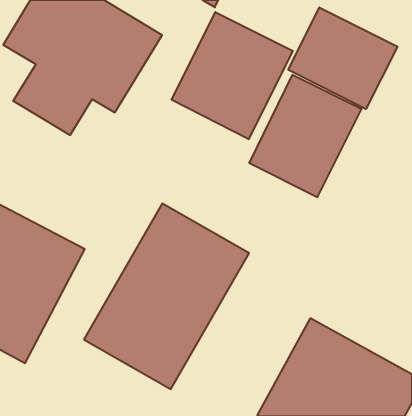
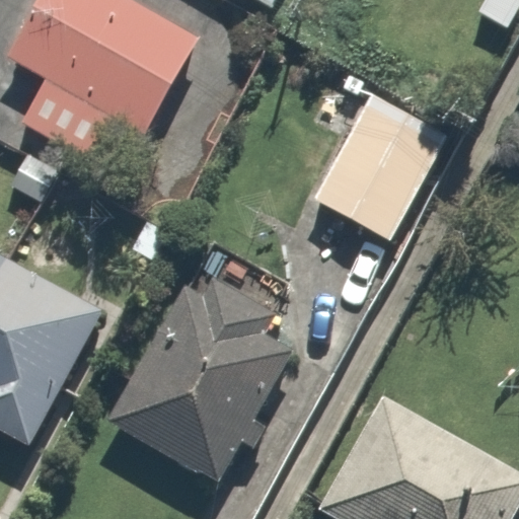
building: [288,7,397,109] -> none
building: [172,12,293,139] -> none

